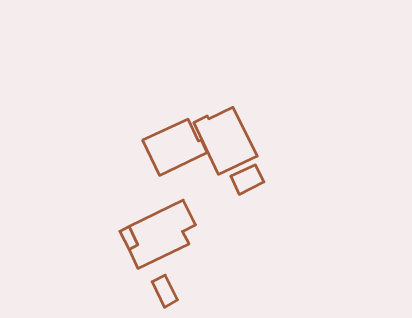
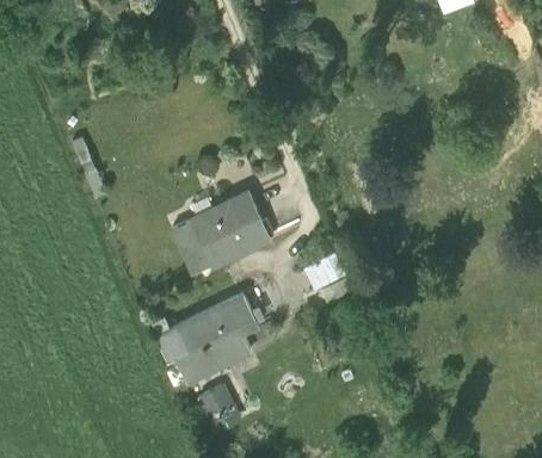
building: [194,107,257,174] -> none
building: none -> [171,222,213,276]

